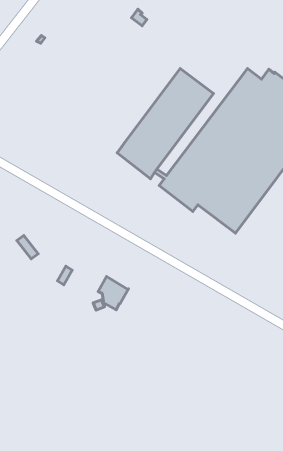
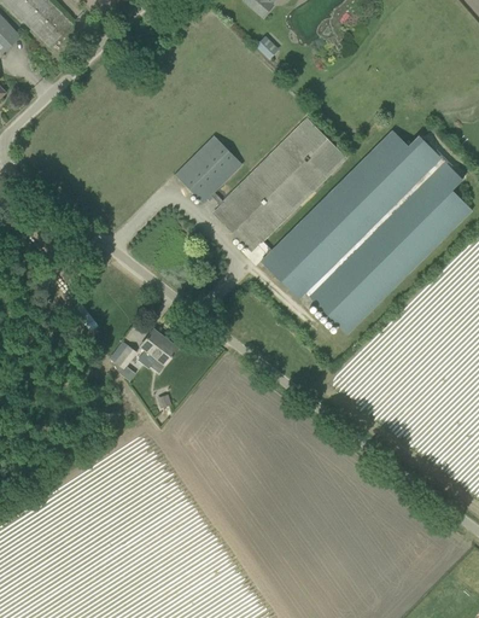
building: none -> [175,135,243,205]
building: [98,277,129,310] -> [140,328,179,372]

